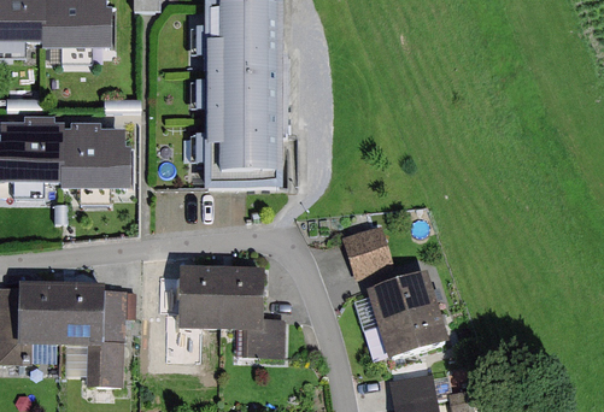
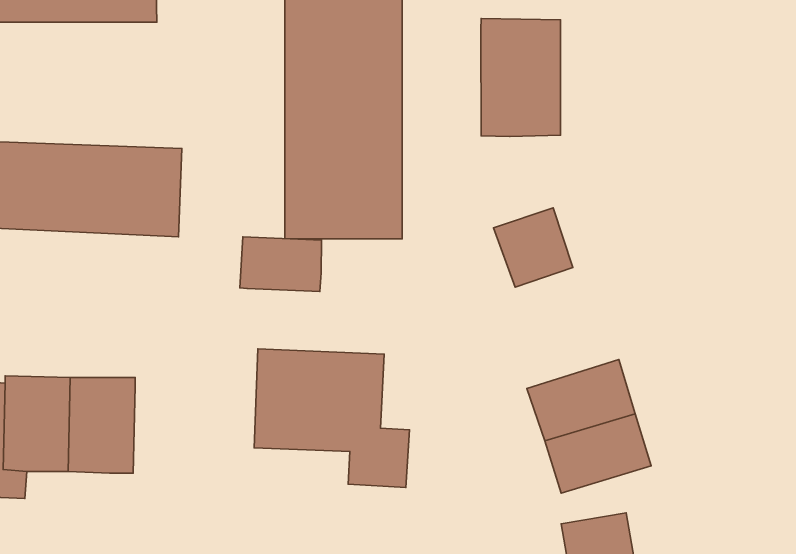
building: none -> [481,18,561,137]
building: none -> [240,237,322,291]
building: [346,223,399,276] -> [493,208,573,287]
building: [84,288,124,384] -> none

